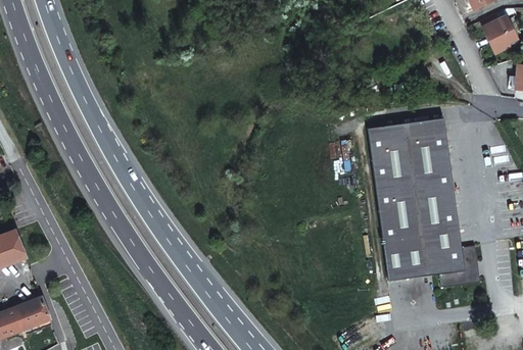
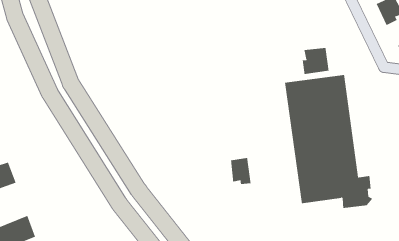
building: none -> [302,47,329,75]
building: none -> [230,157,251,185]

